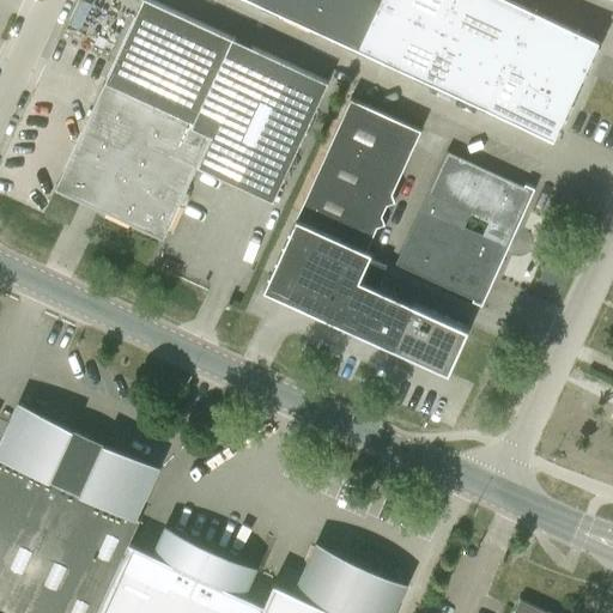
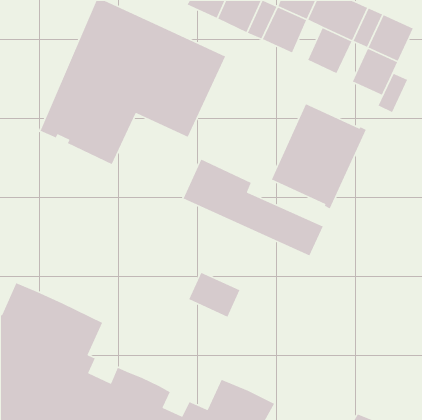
building: [424,31,467,90] -> none
building: [488,62,533,121] -> [378,73,408,113]
building: [291,101,420,267] -> none
building: none -> [188,272,241,318]

